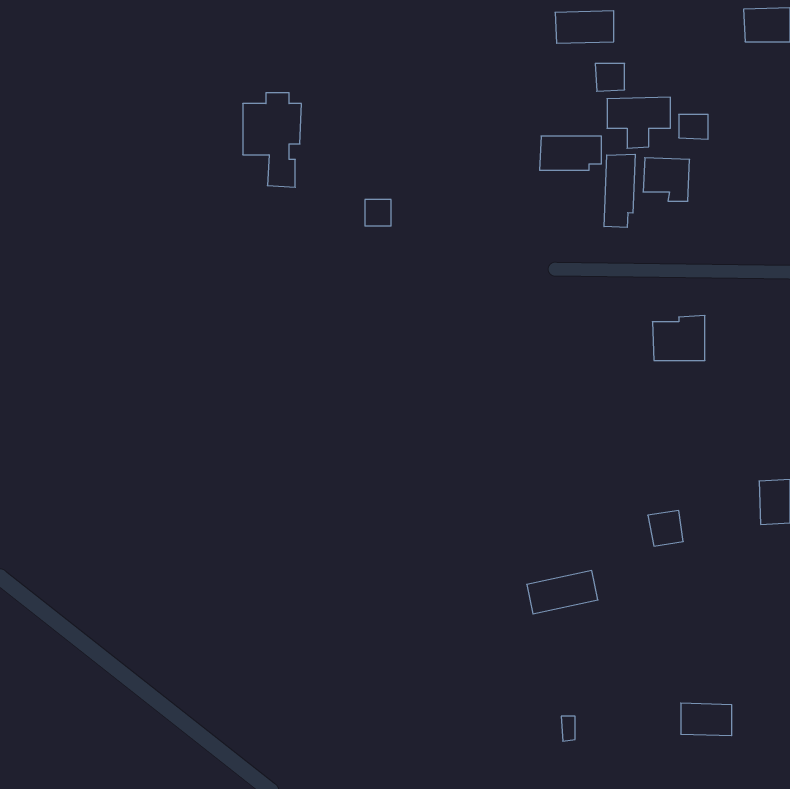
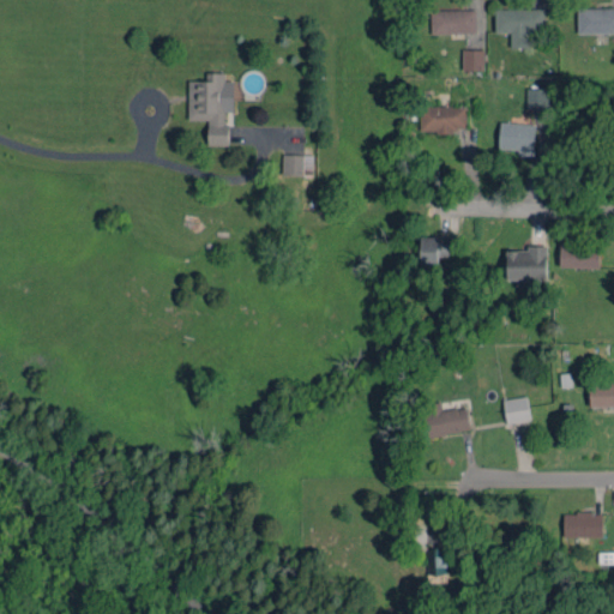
building: [607,97,670,148] -> [495,10,544,49]
building: [604,154,635,227] -> none
building: none -> [420,236,450,265]
building: none -> [560,245,600,269]
building: [527,571,598,614] -> [416,407,471,440]
building: [681,703,732,736] -> [564,513,603,538]

